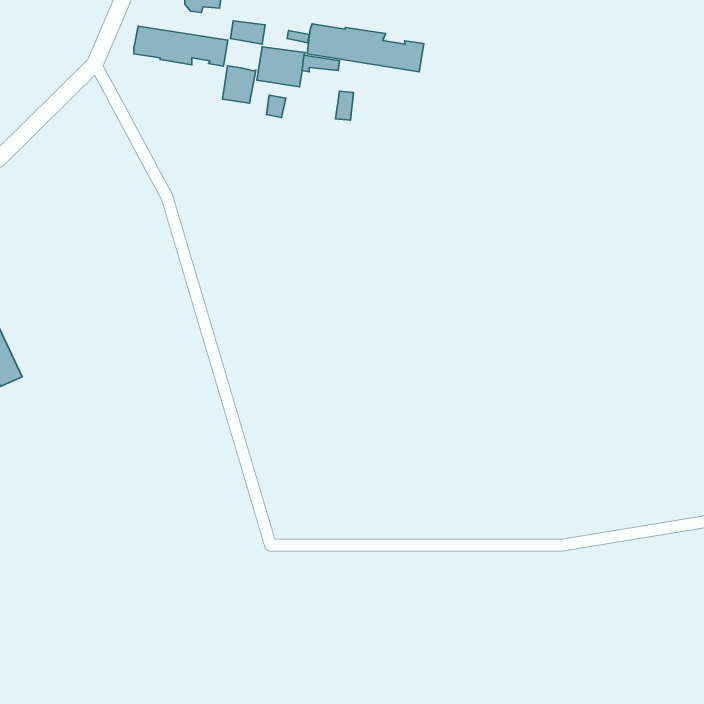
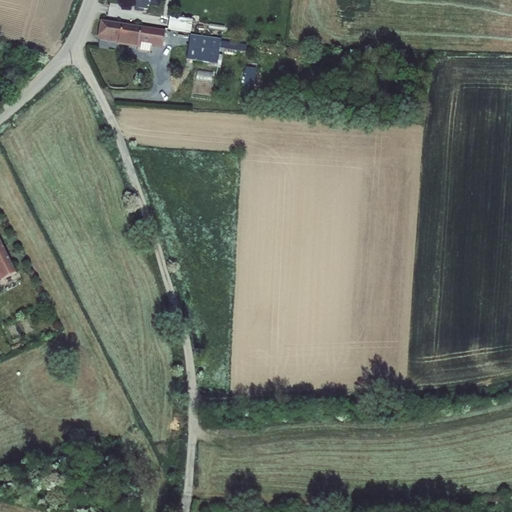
building: [307,24,424,72] -> none
building: [222,66,256,103] -> none

